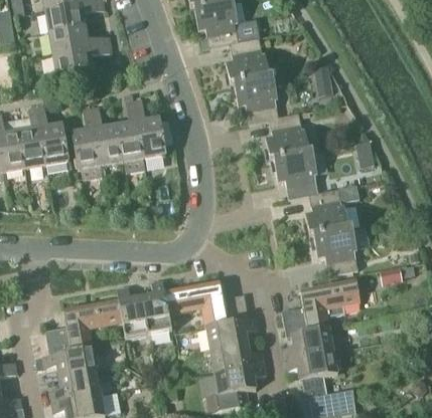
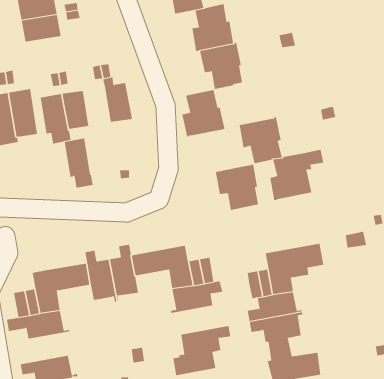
building: [265,113,309,161] -> [181,90,225,137]
building: [116,121,146,172] -> [64,138,94,188]
building: [313,227,357,274] -> [215,164,259,210]
building: [204,343,264,372] -> none
building: [49,369,103,402] -> none

